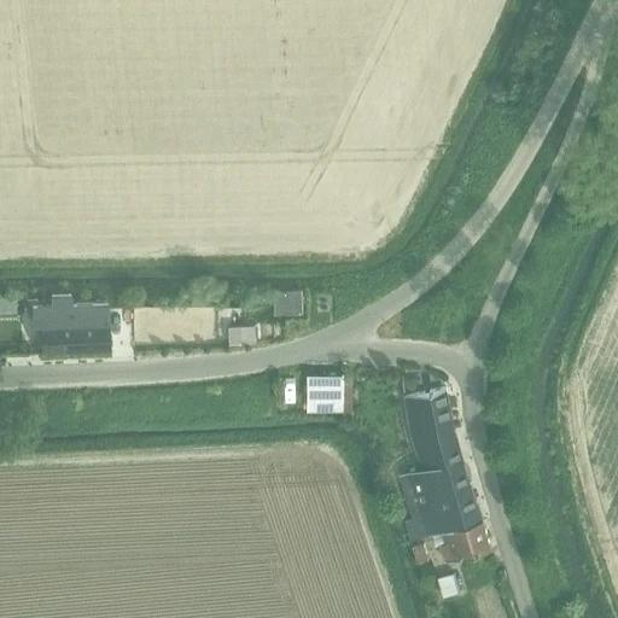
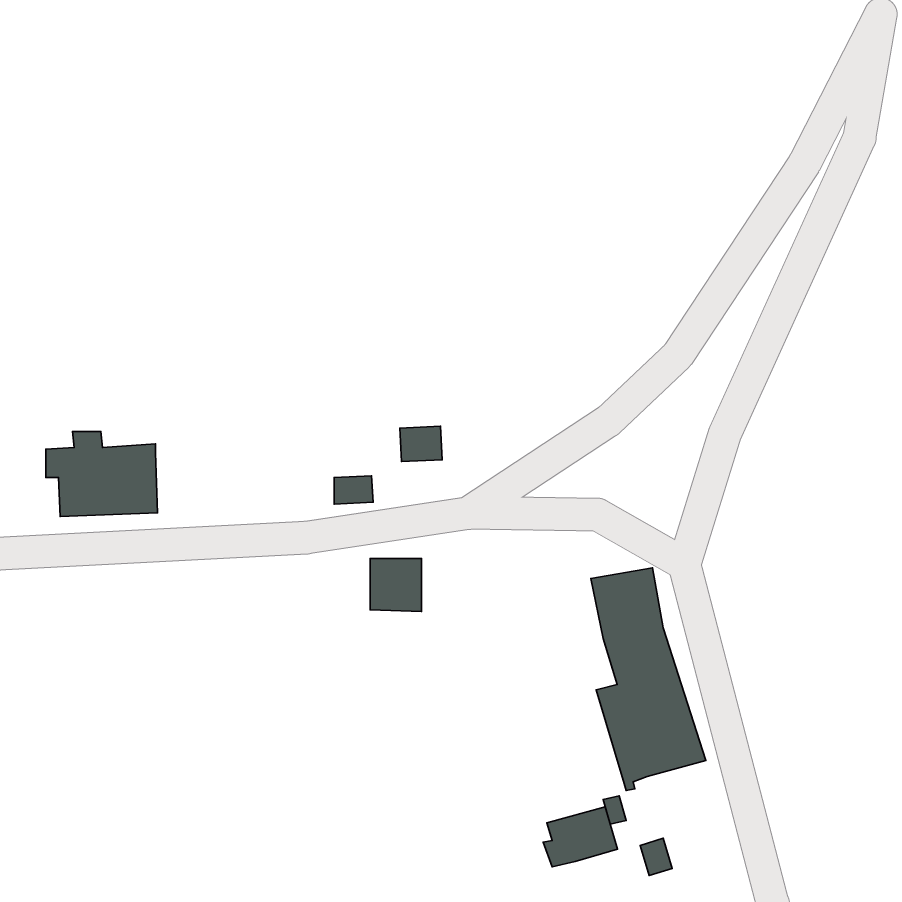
building: [307,374,342,410] -> [370,558,421,611]
building: [439,520,490,561] -> [543,807,617,867]

